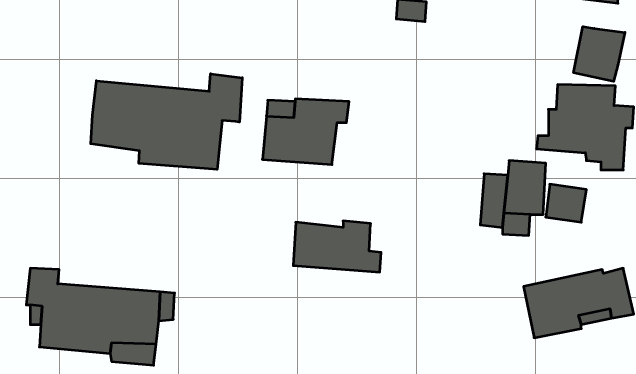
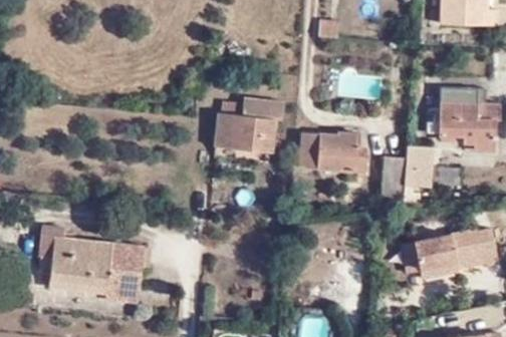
building: [574,27,625,81] -> none
building: [91,74,242,169] -> none
building: [293,221,381,272] -> [301,132,368,172]

